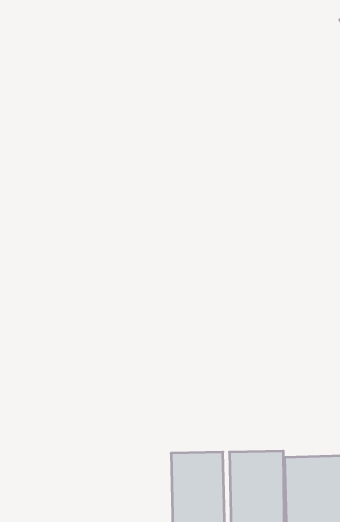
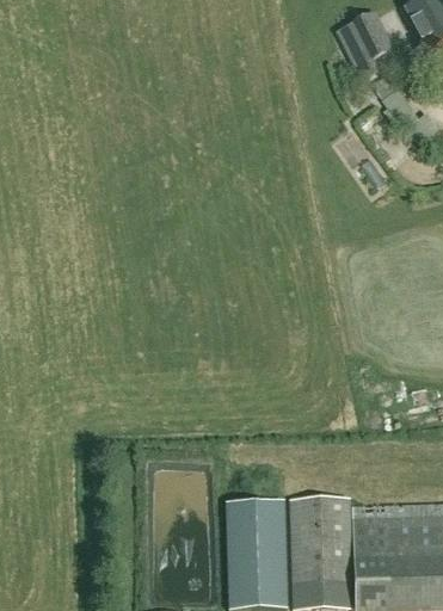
building: none -> [337,14,393,68]

